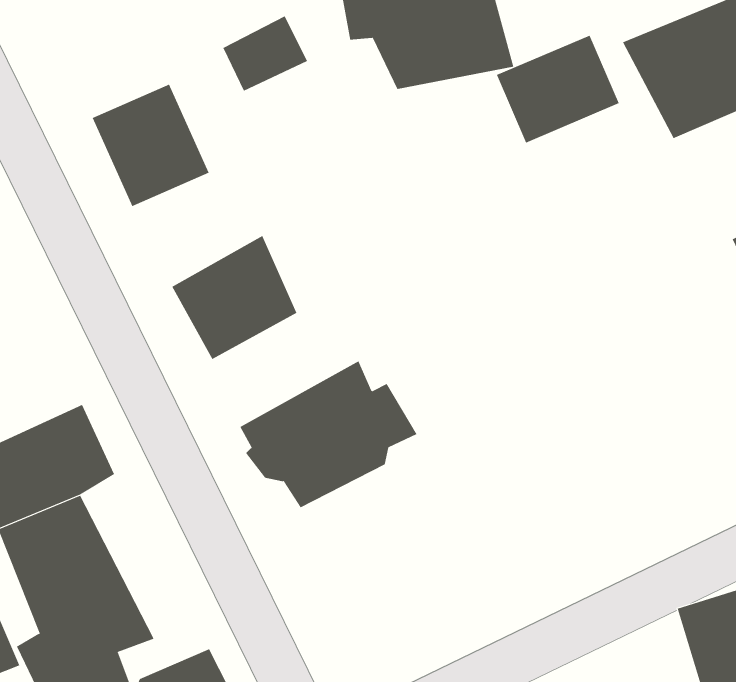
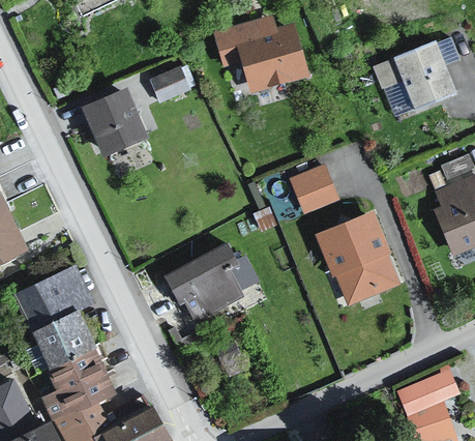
building: [496,35,620,143] -> none
building: none -> [291,165,339,215]
building: [172,235,297,360] -> none
building: none -> [316,213,404,306]

